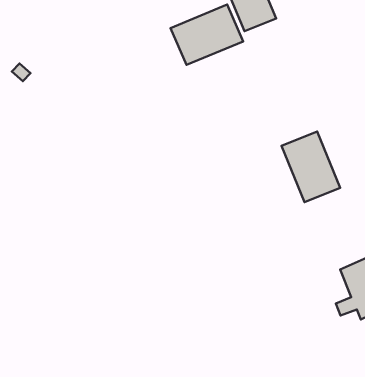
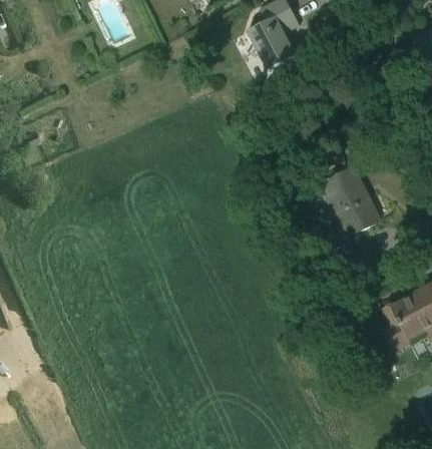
building: [171,5,243,65] -> none

